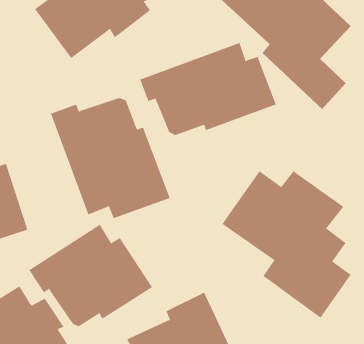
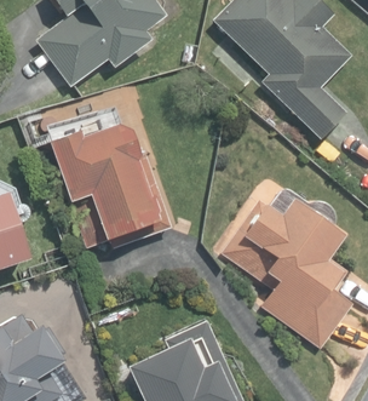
building: [139,42,276,136] -> none
building: [29,224,153,327] -> none

